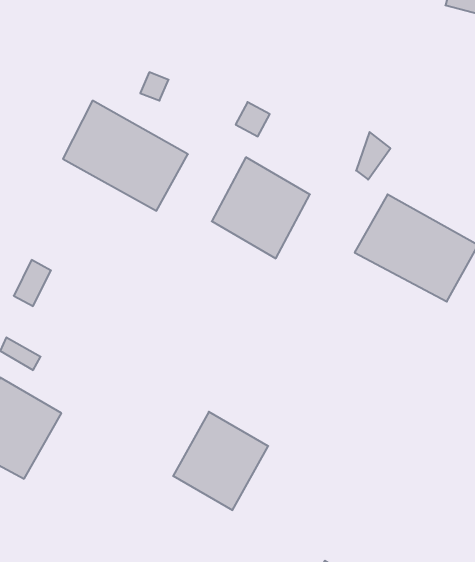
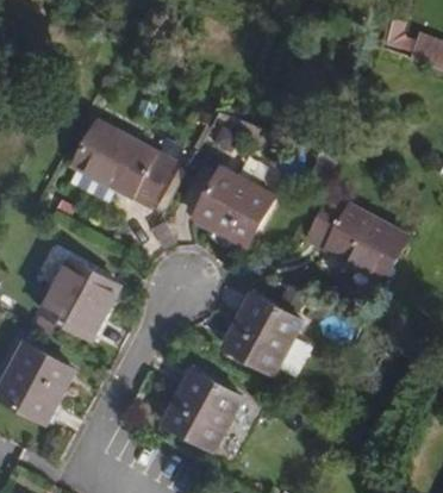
building: none -> [43,258,118,337]
building: none -> [223,293,301,373]

